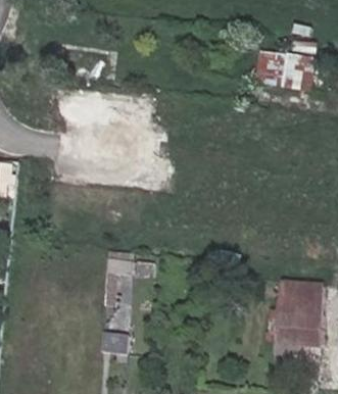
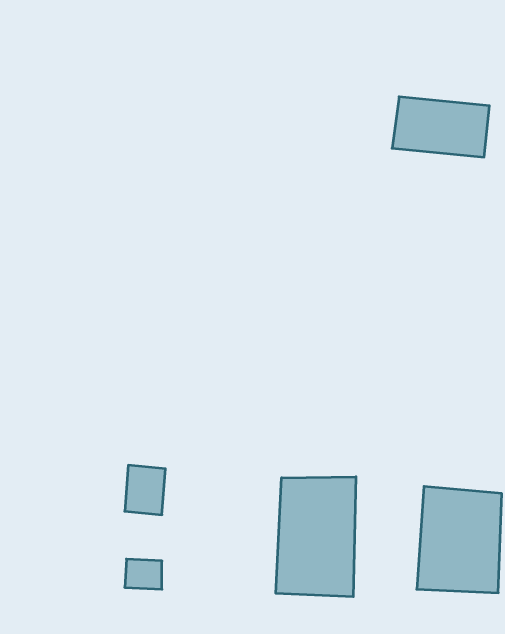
building: none -> [276,477,356,597]

